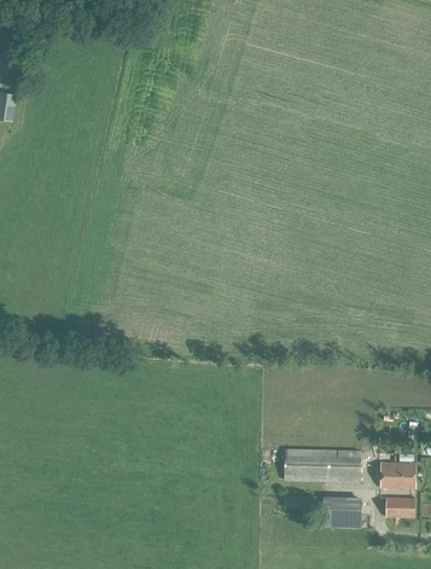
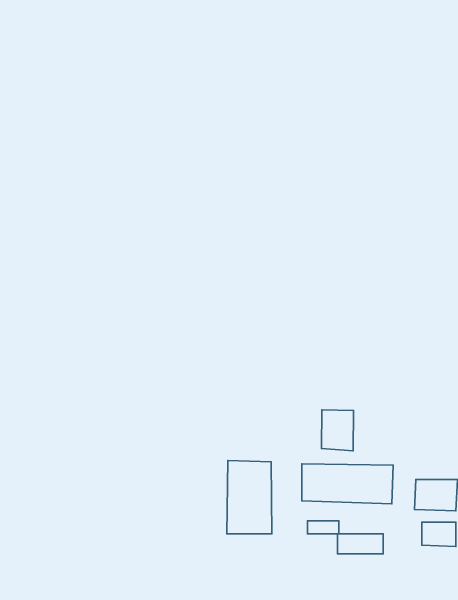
building: none -> [322,410,354,451]
building: none -> [227,461,272,534]

